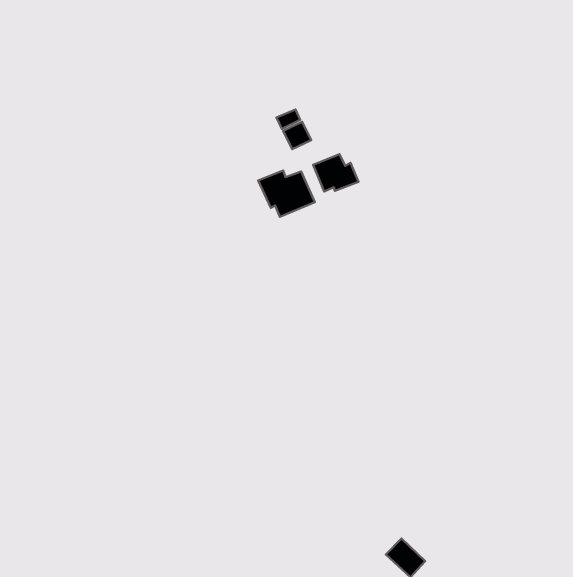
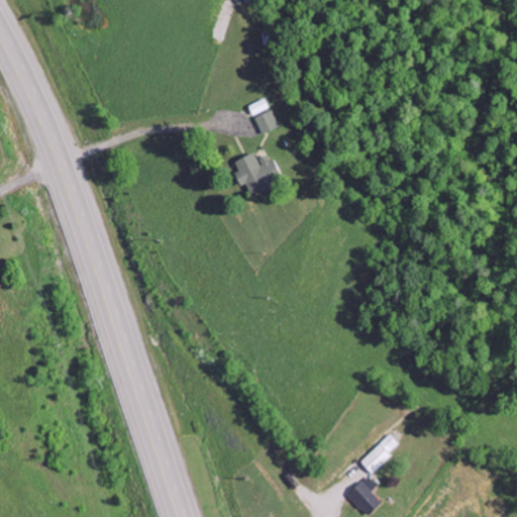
building: [313,154,359,191] -> none
building: none -> [359,434,399,473]

